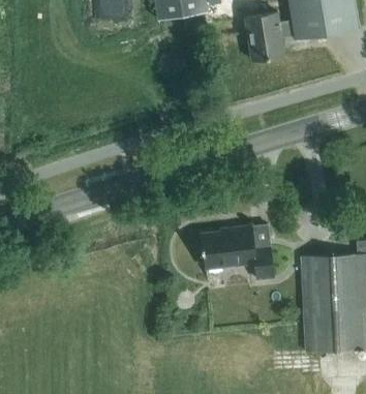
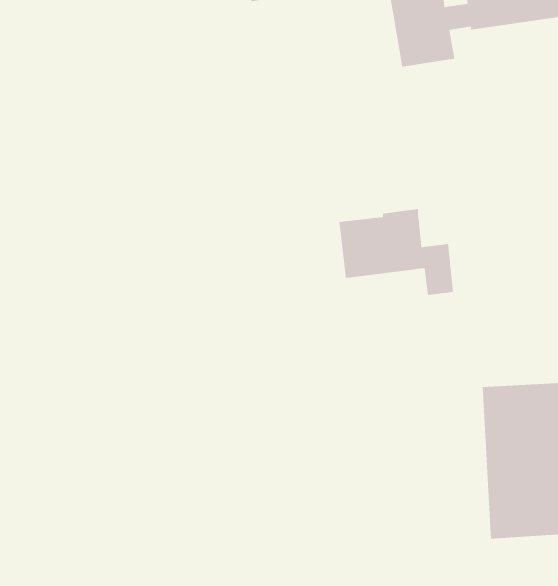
building: [202,225,273,279] -> [339,208,454,295]

